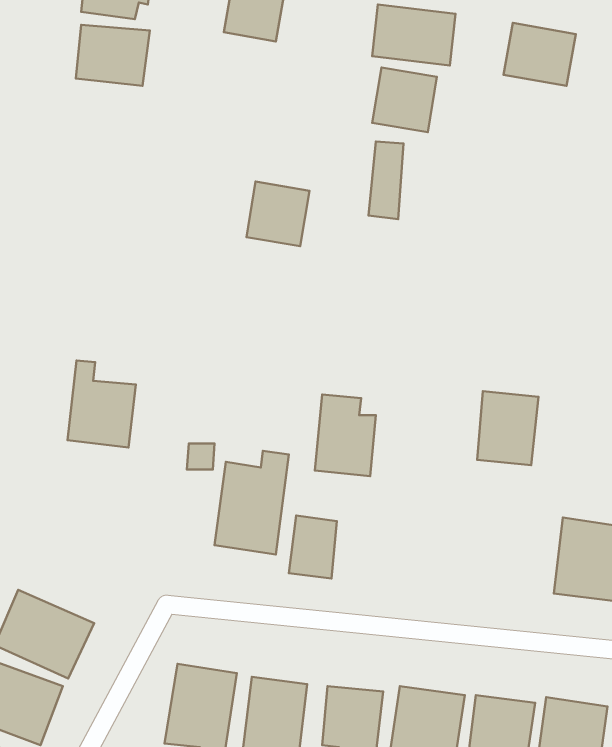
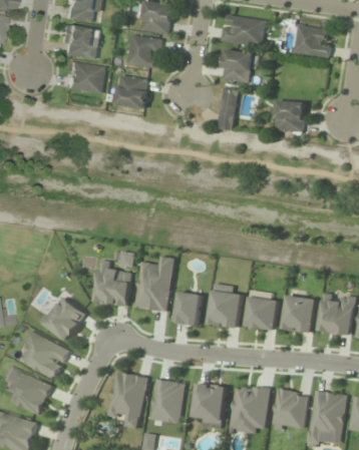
building: none -> [127,35,162,70]
building: none -> [67,63,105,93]
building: none -> [276,101,306,133]
building: [246,181,309,246] -> [115,75,149,110]
building: [67,360,136,447] -> [96,261,133,308]
building: [477,391,538,465] -> [248,292,281,332]
building: [315,395,376,476] -> [211,285,244,329]
building: none -> [285,296,318,333]
building: none -> [42,297,87,342]

